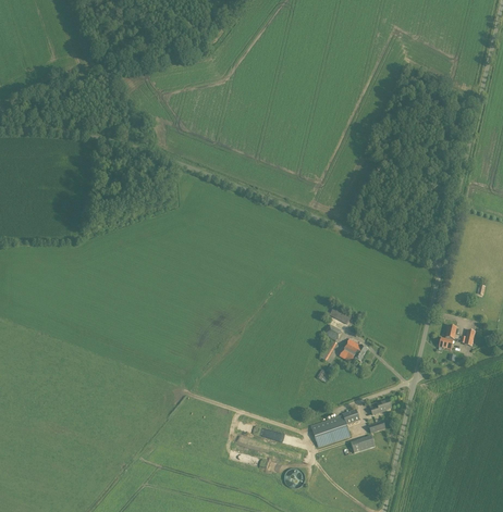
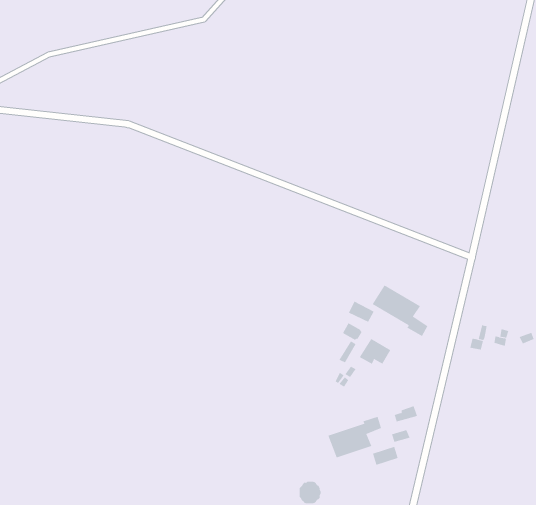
building: none -> [372,284,428,337]

